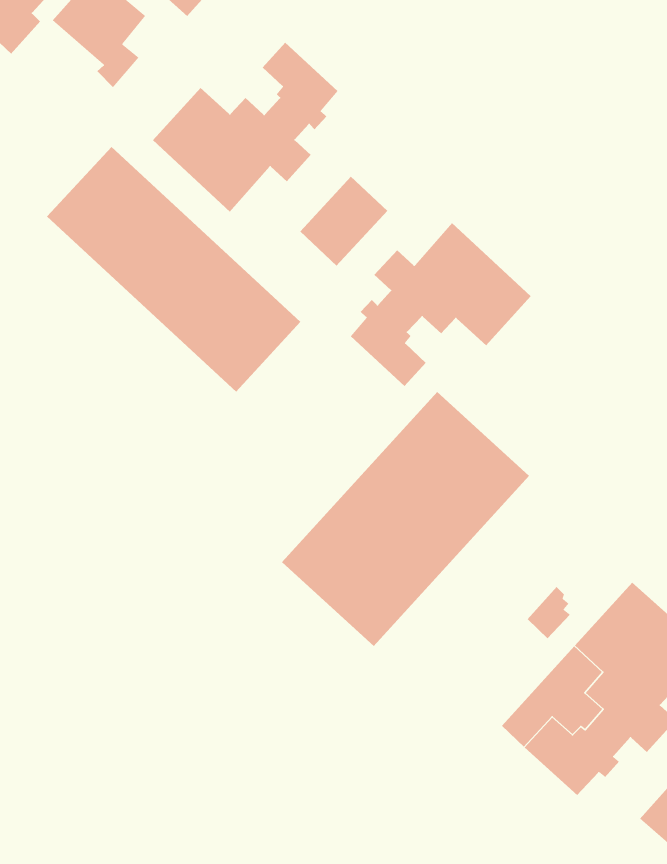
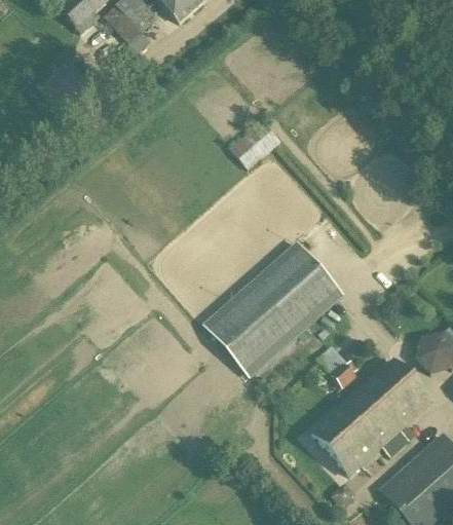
building: [152,42,339,212] -> none
building: [46,146,301,392] -> none
building: [350,222,531,387] -> none

